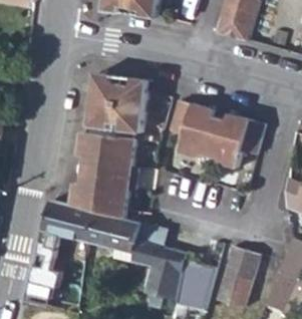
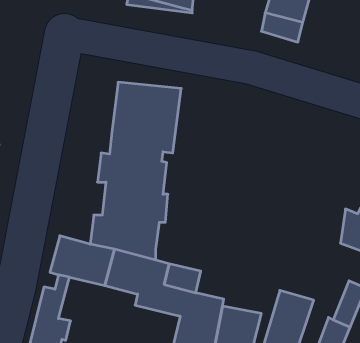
building: [170,99,264,167] -> none

